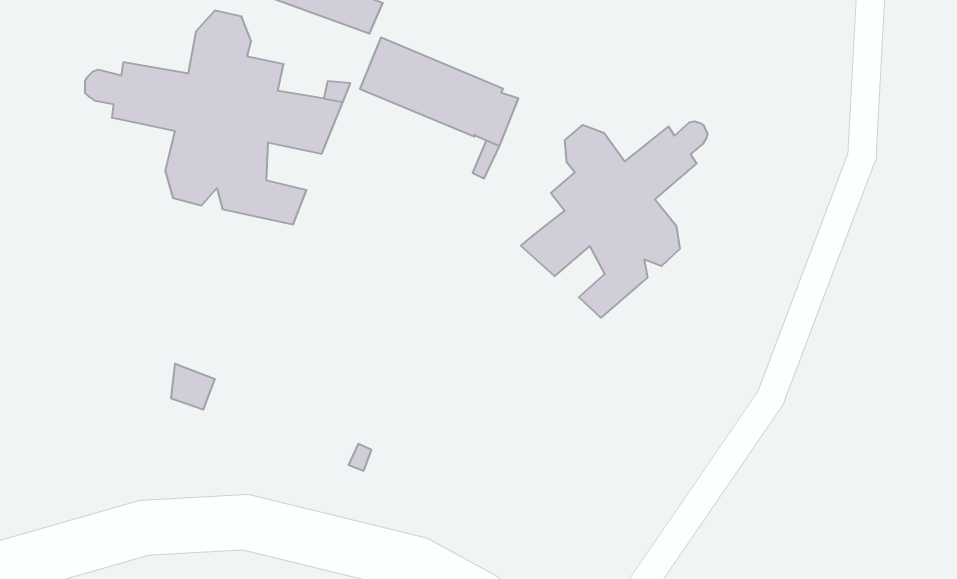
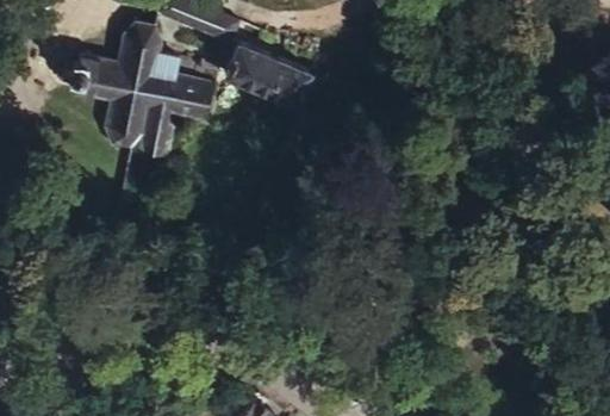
building: [521,121,707,318] -> none

